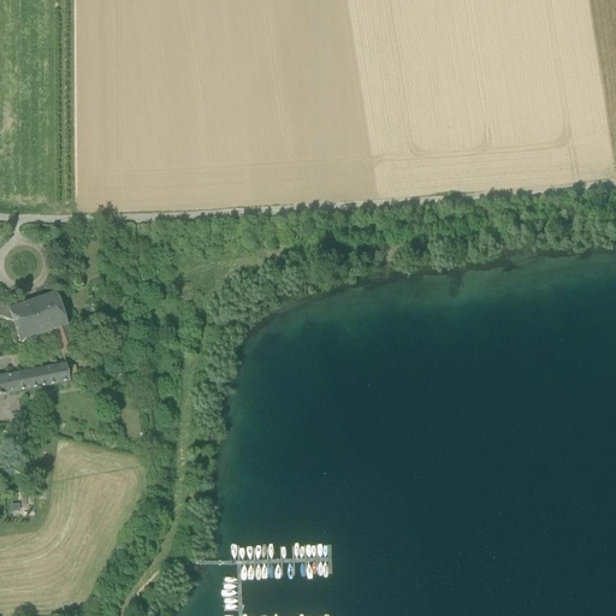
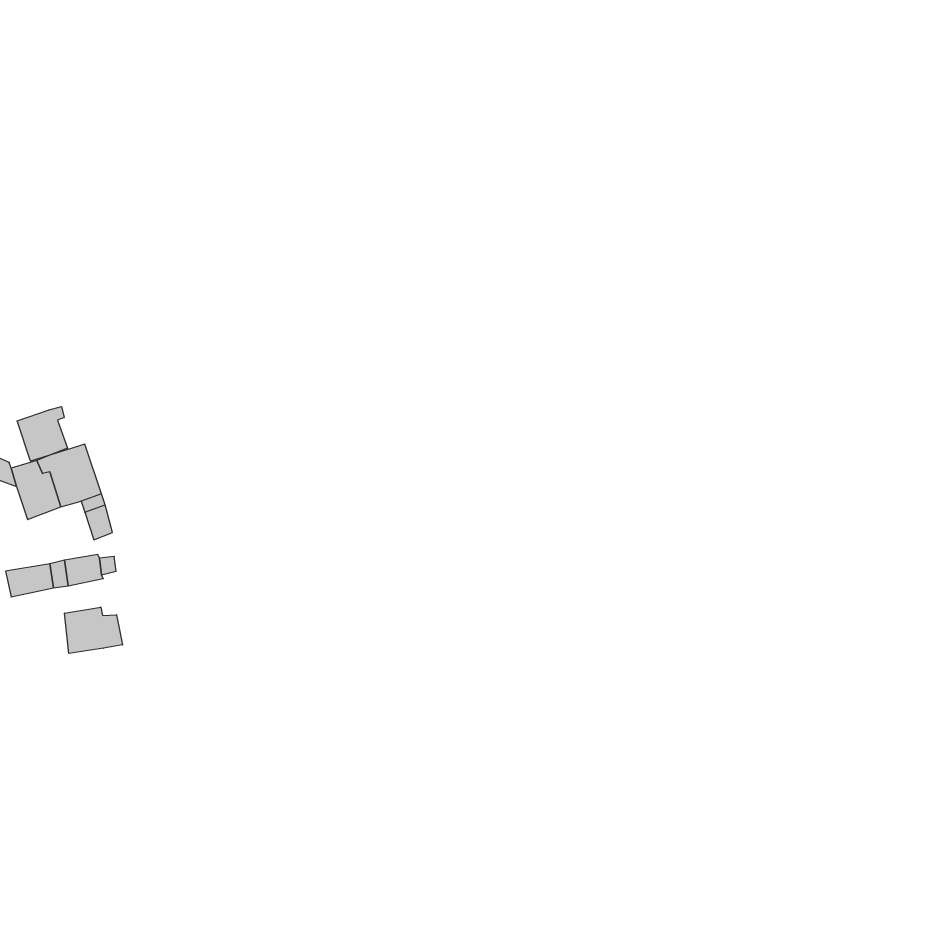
building: none -> [17,407,67,461]
building: none -> [65,607,122,653]

